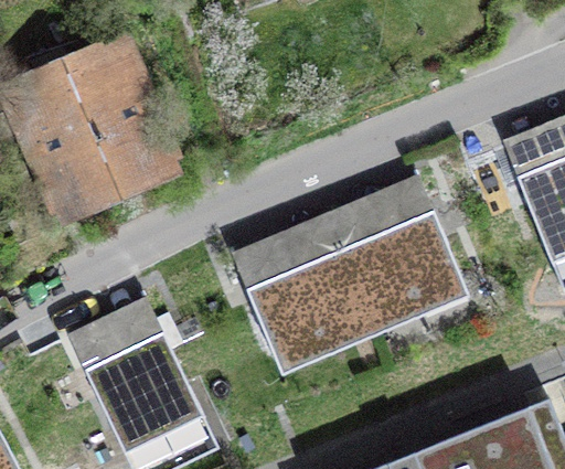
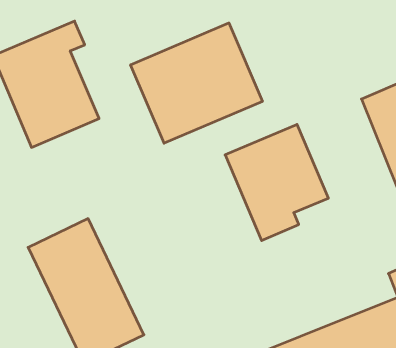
building: none -> [131,23,262,143]
building: [231,215,372,351] -> none

